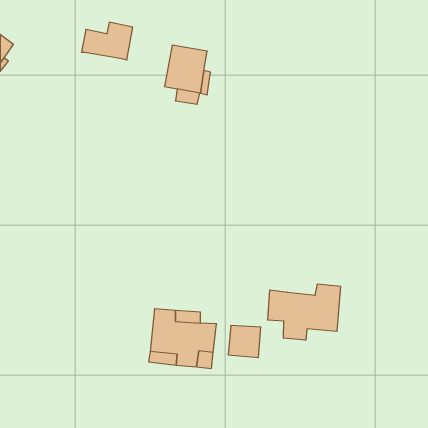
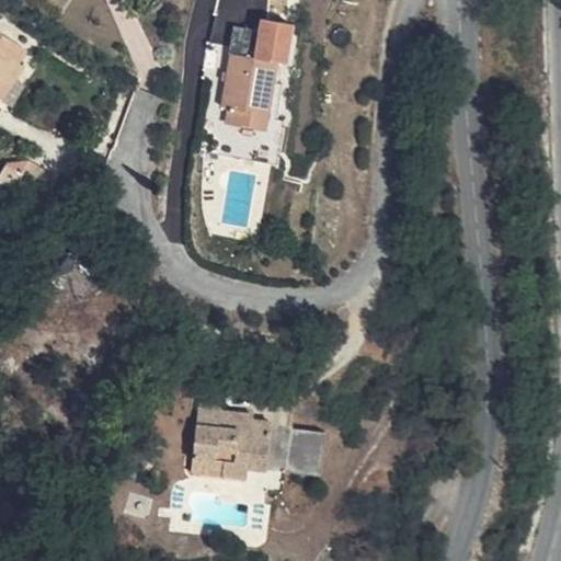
building: [82,22,133,60] -> [221,21,288,70]
building: [268,284,341,340] -> none

